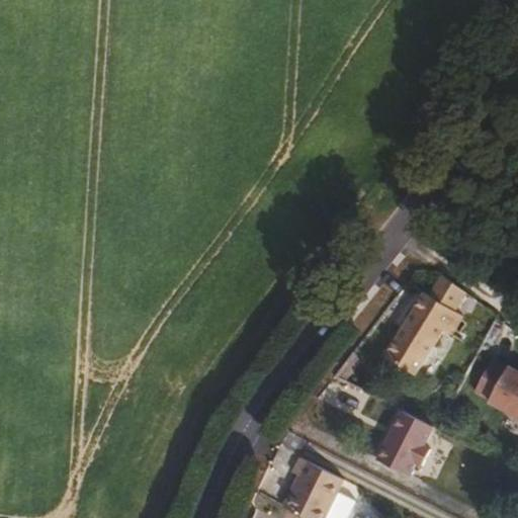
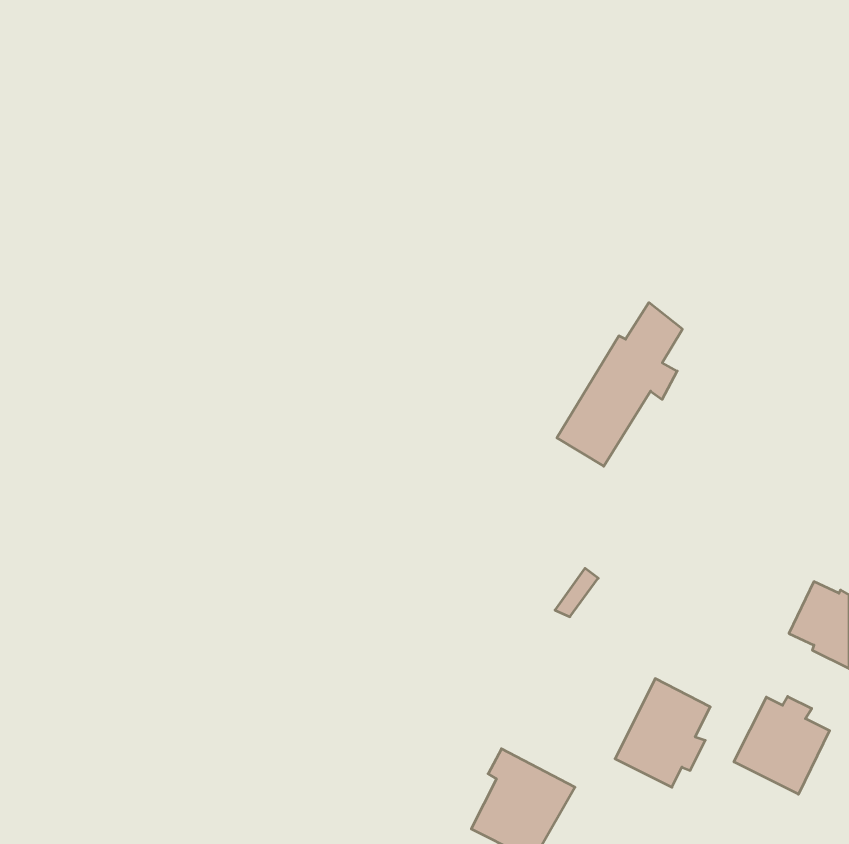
building: [387,271,463,370] -> [557,303,682,466]
building: none -> [734,696,830,794]

